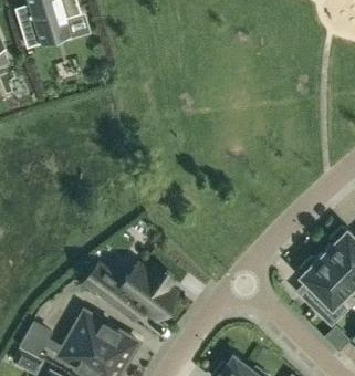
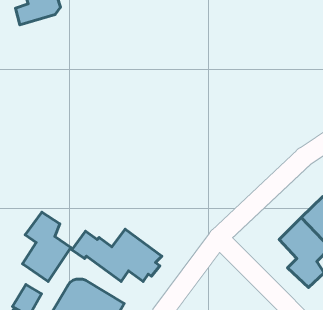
building: none -> [22,212,71,282]

